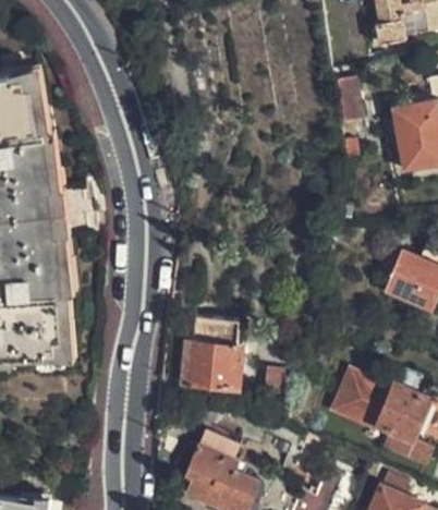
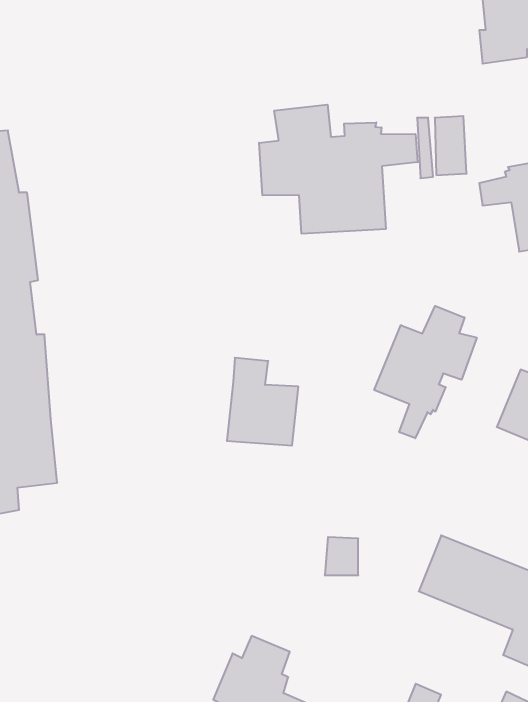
building: none -> [259,105,418,234]
building: none -> [374,306,477,438]
building: [191,329,240,389] -> [227,358,298,446]

